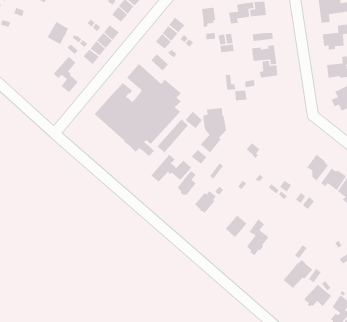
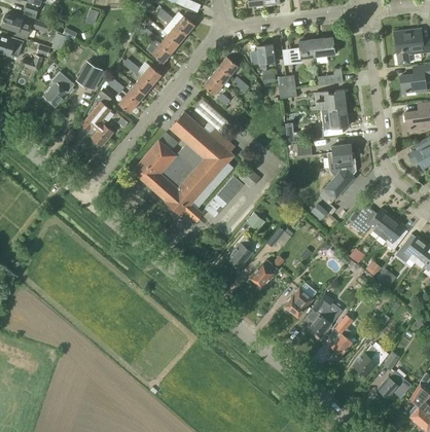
building: none -> [44,72,74,106]
building: [200,107,227,154] -> [324,144,356,199]
building: none -> [351,205,393,235]
building: [150,154,192,183] -> none
building: none -> [331,315,352,355]

